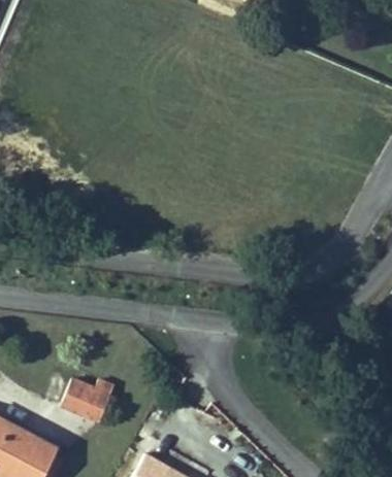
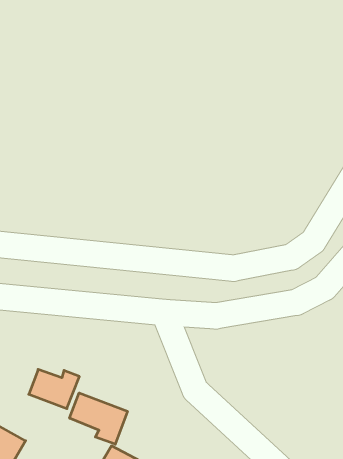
building: none -> [70,393,127,444]

